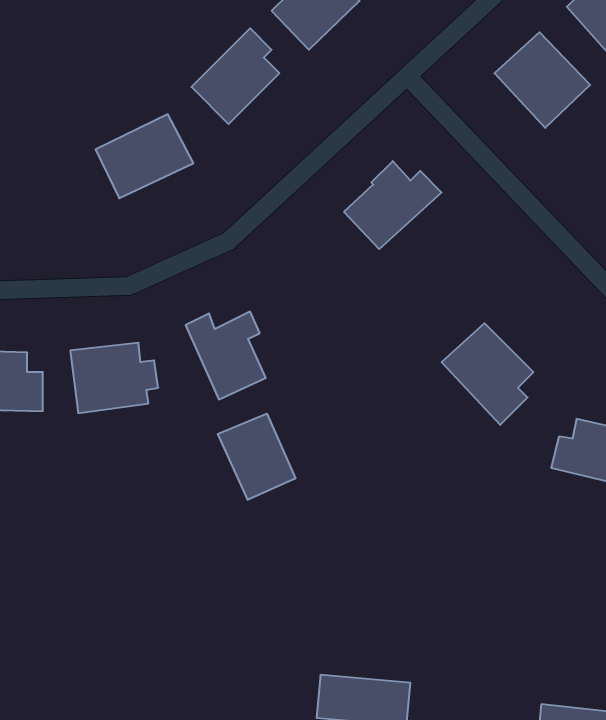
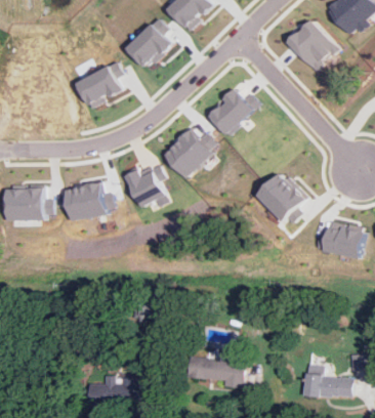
building: none -> [163,128,215,175]
building: [218,414,295,500] -> none

